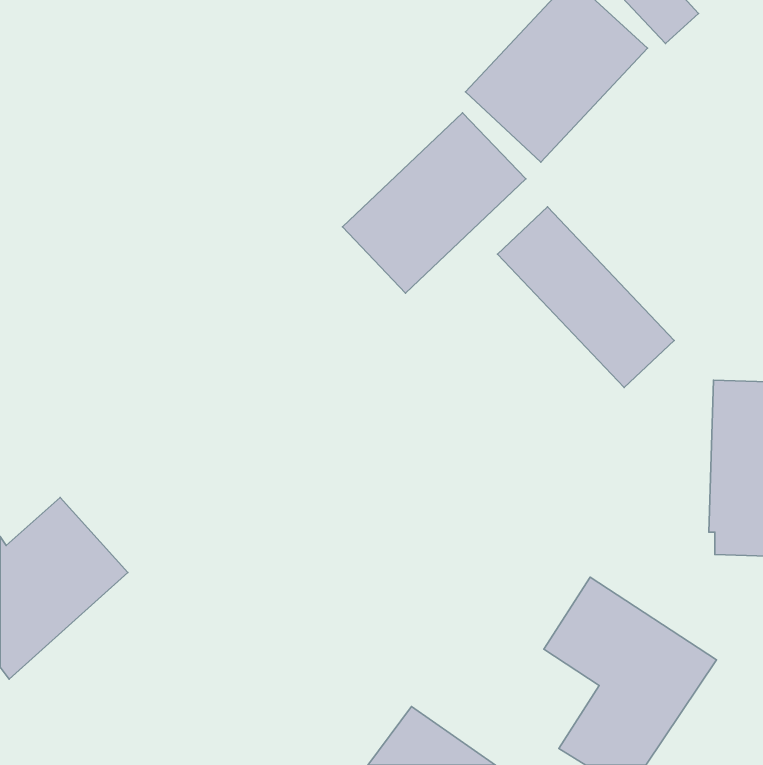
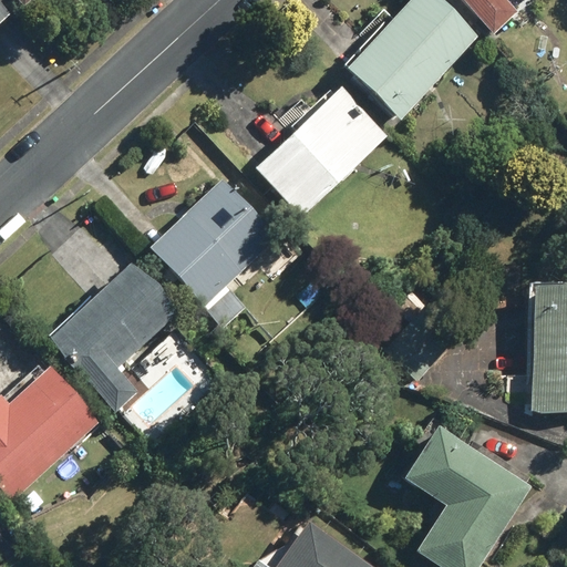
building: [498,207,674,388] -> none
building: none -> [148,178,278,307]
building: none -> [44,259,181,414]

